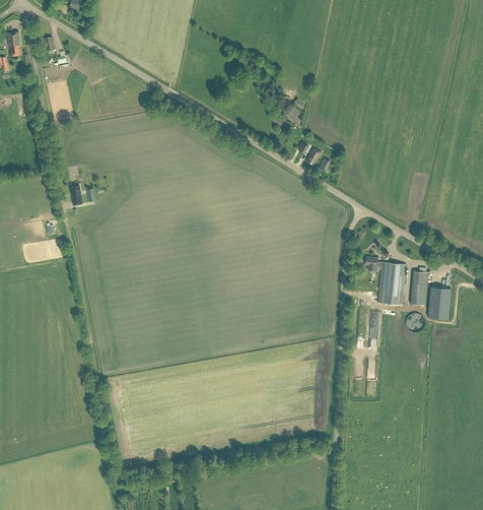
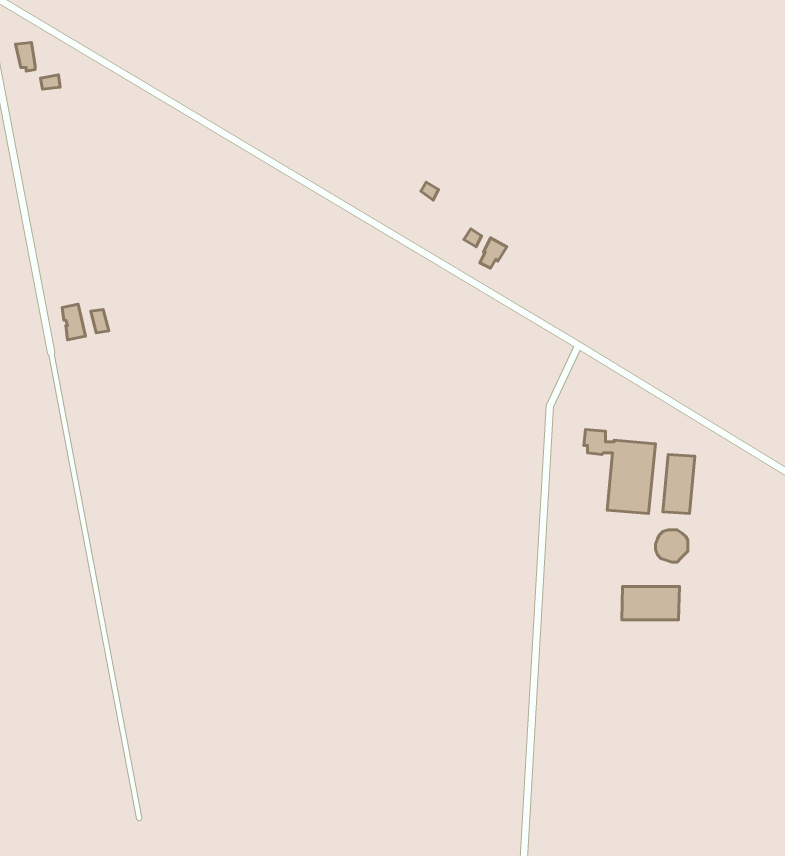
building: [428,286,451,319] -> none
building: none -> [622,587,679,620]

